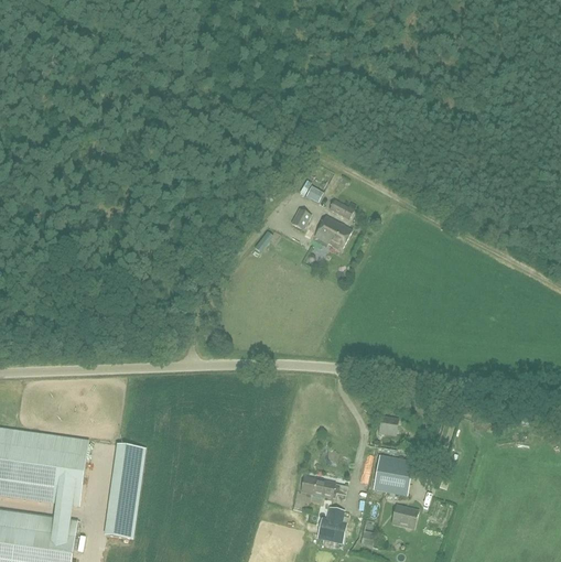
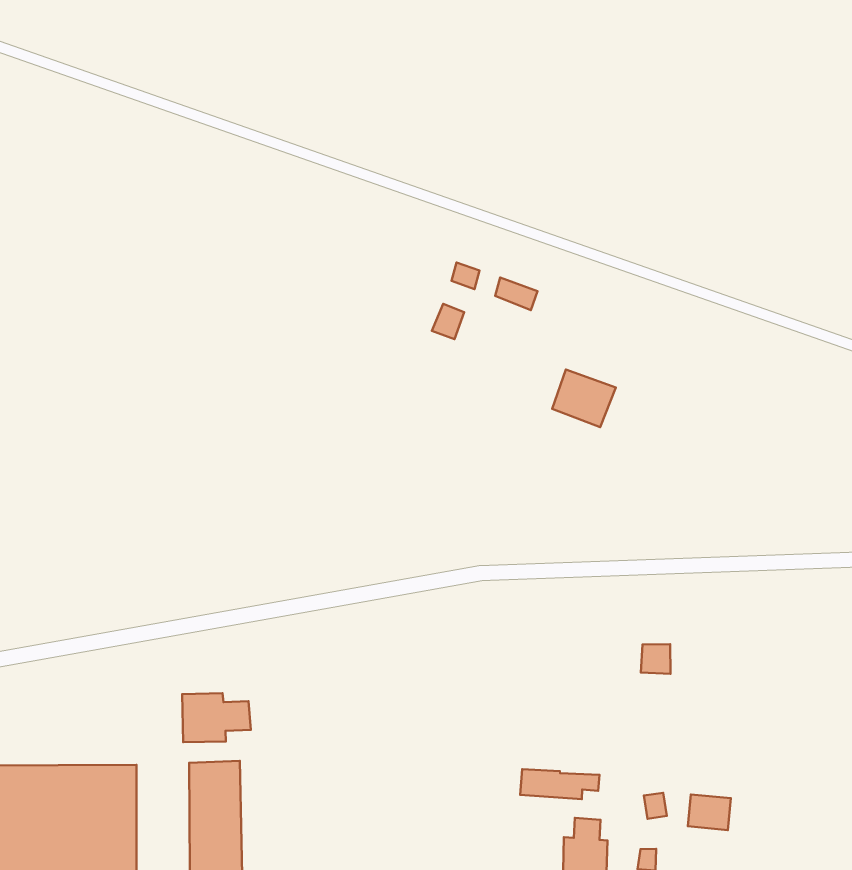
building: [314,215,352,250] -> [552,369,616,427]
building: none -> [182,693,251,742]
building: [373,454,412,496] -> none

